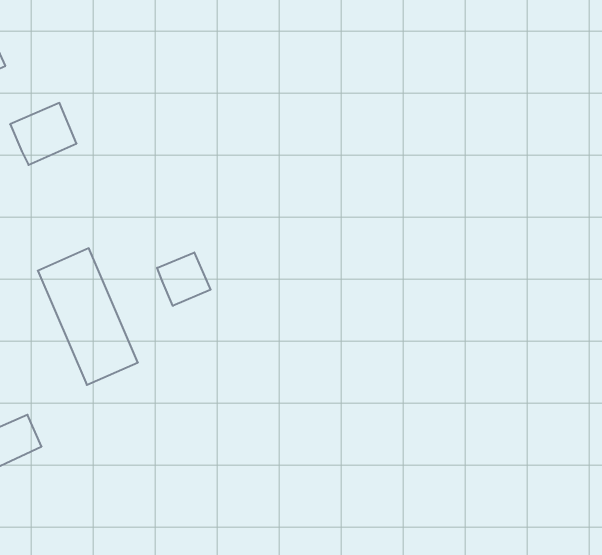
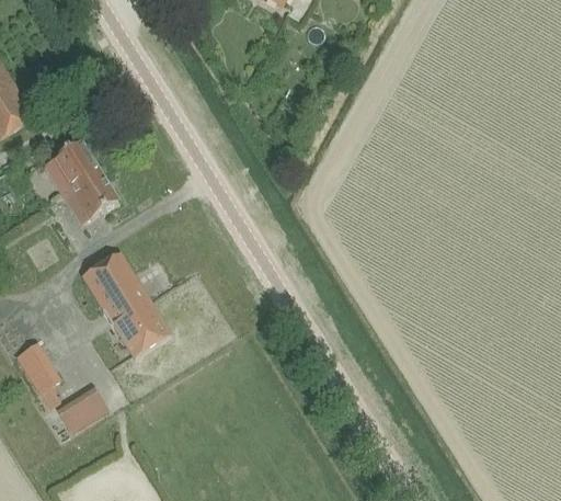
building: none -> [62,170,116,223]
building: [157,252,211,306] -> none

